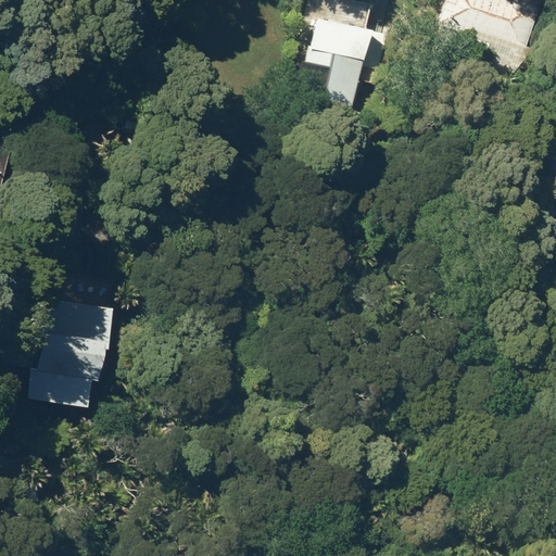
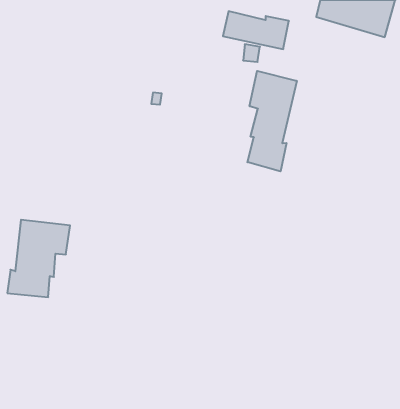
building: none -> [247,71,297,171]

